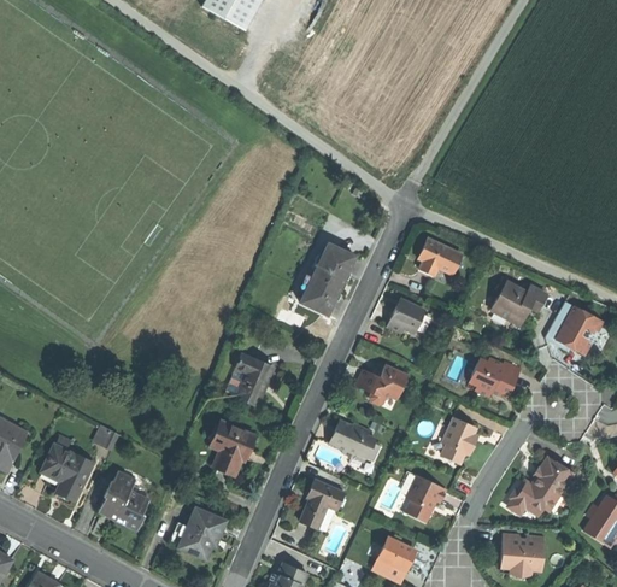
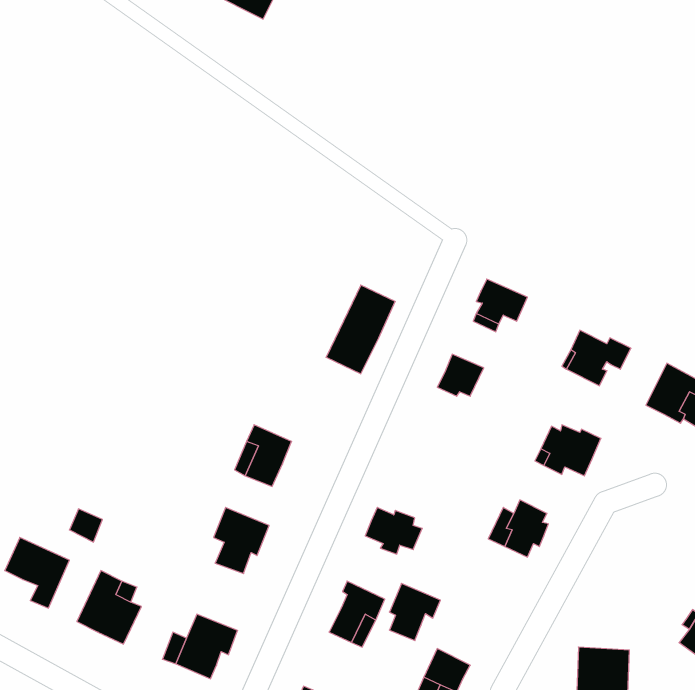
building: [354,366,406,406] -> none
building: [506,458,570,516] -> none
building: [405,474,446,520] -> [389,583,440,641]

